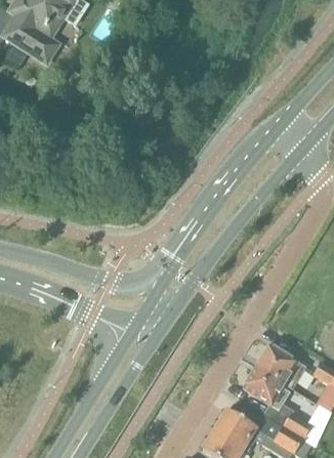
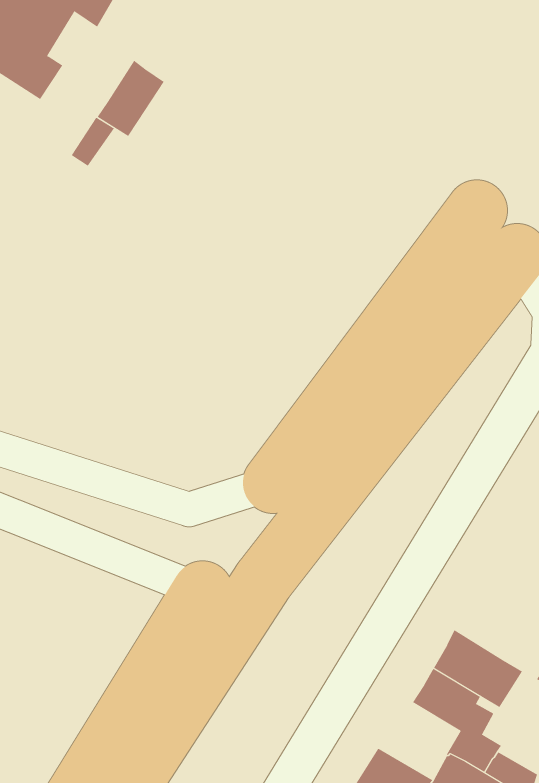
building: none -> [97,60,165,137]

